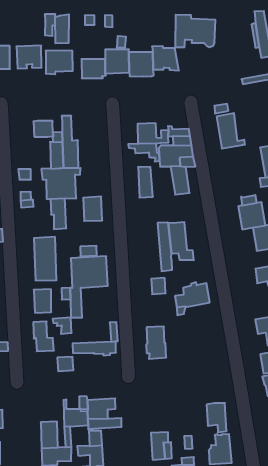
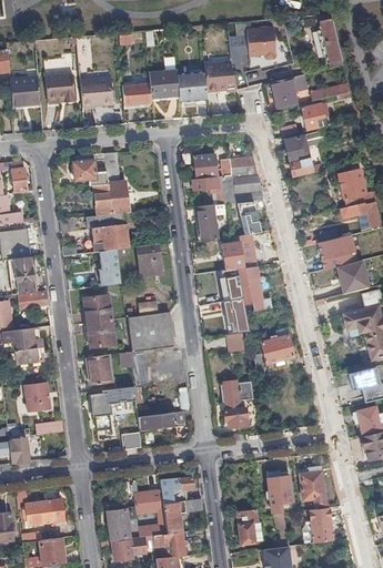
building: [55,14,69,43] -> none
building: none -> [270,74,306,109]
building: none -> [301,102,330,129]
building: none -> [222,242,243,268]
building: none -> [266,470,292,511]

